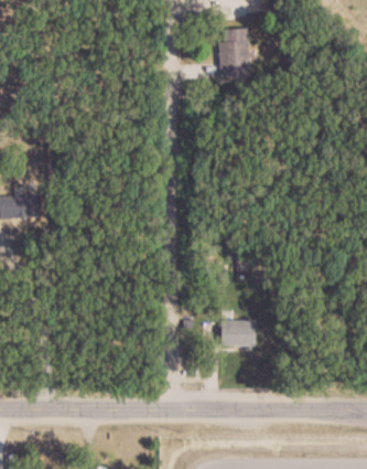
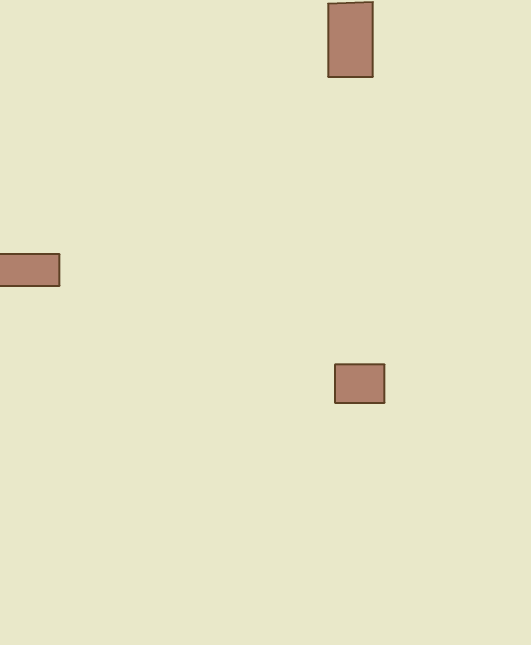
building: [222,319,255,344] -> [335,365,385,403]

